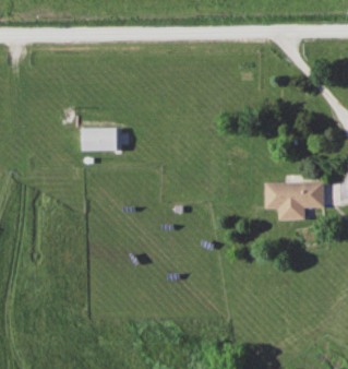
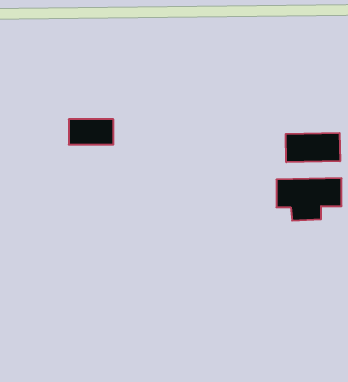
building: none -> [286,133,340,162]

